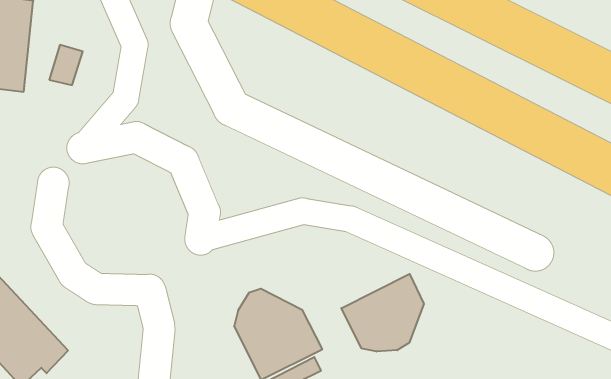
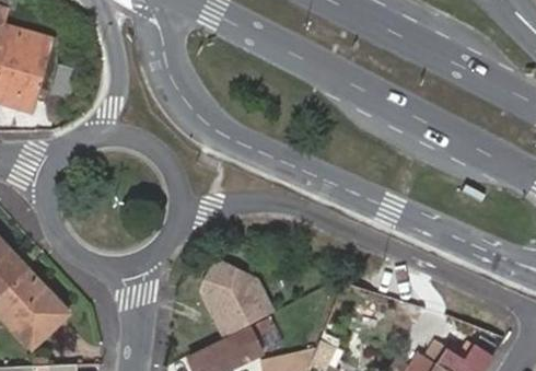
building: [341,274,424,352] -> none

